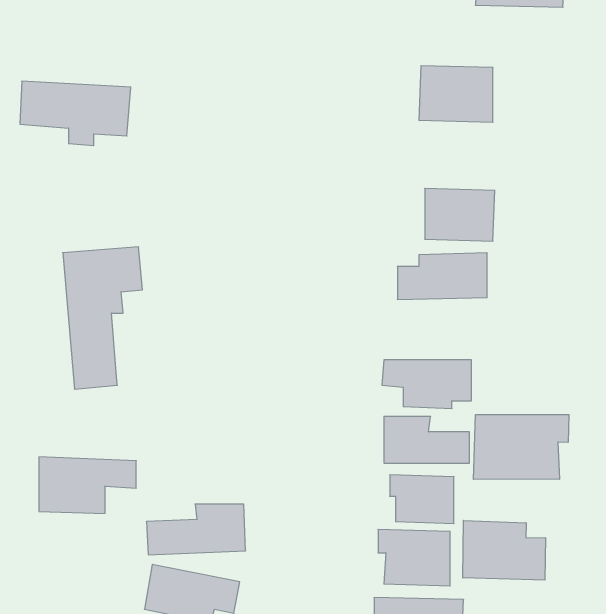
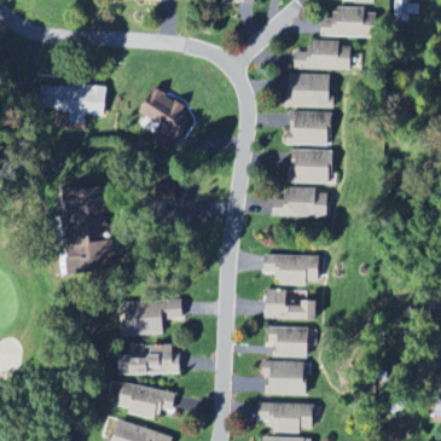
building: none -> [294,40,350,69]
building: none -> [139,88,196,149]
building: none -> [288,111,331,145]
building: [474,415,569,479] -> none
building: [39,457,136,513] -> [122,300,182,335]
building: [463,520,545,580] -> none

